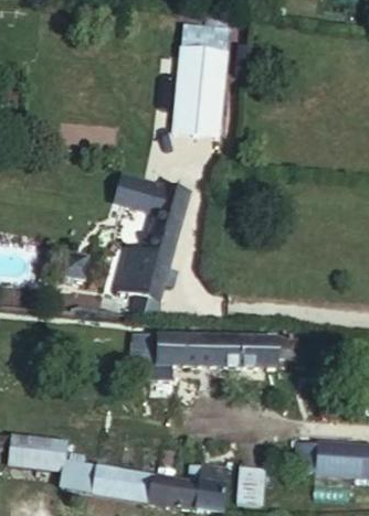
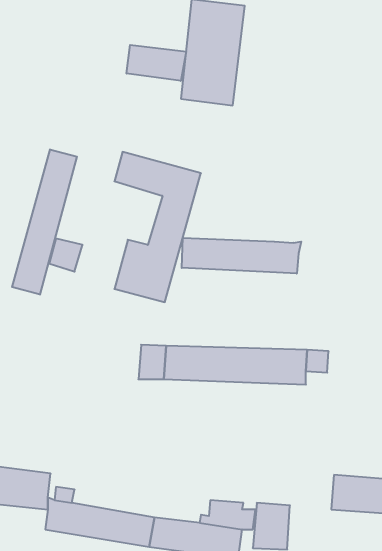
building: none -> [127,45,186,81]
building: none -> [12,149,77,295]
building: none -> [182,238,301,274]

